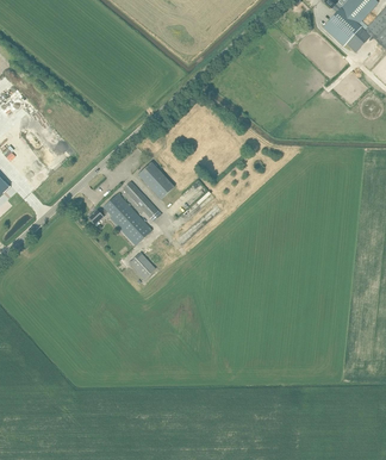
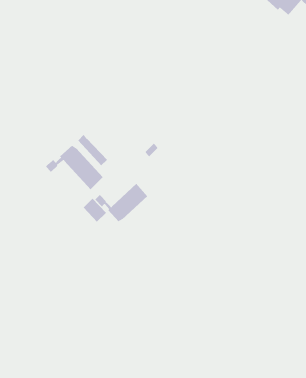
building: [137,162,173,198] -> none
building: none -> [95,183,148,222]

